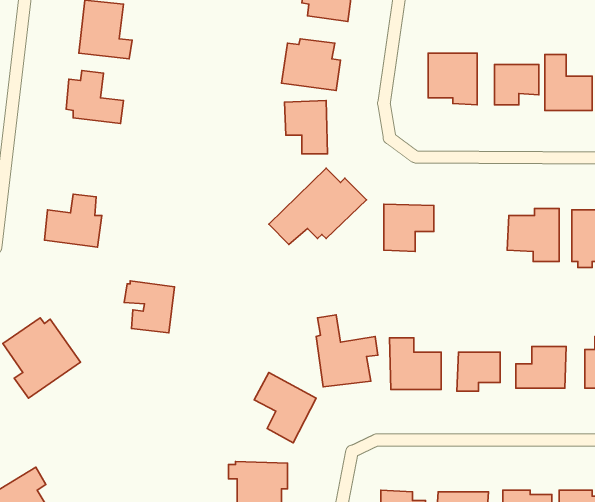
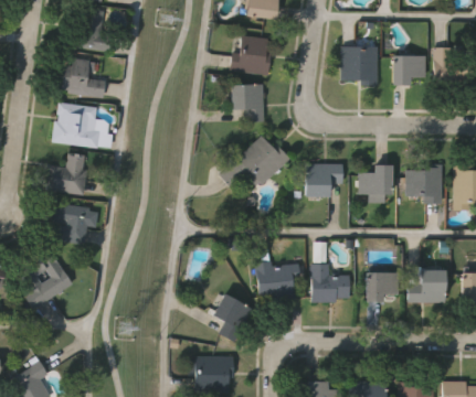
building: none -> [50,105,99,149]
building: none -> [358,163,394,194]
building: [124,281,175,333] -> [50,205,88,245]

